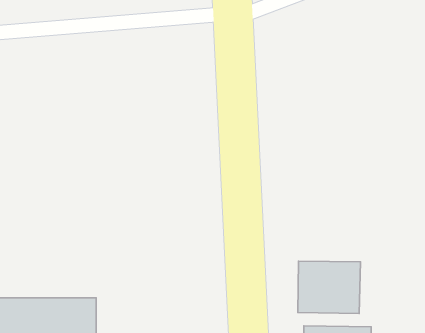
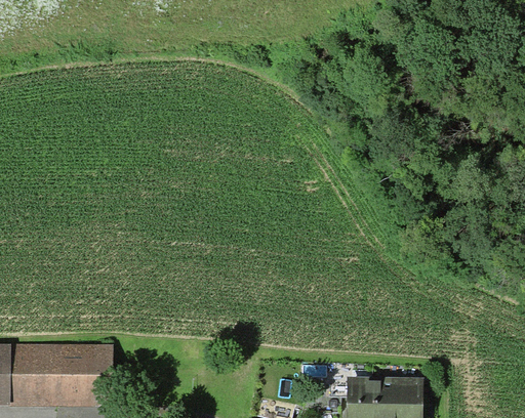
building: [298,261,360,313] -> none

